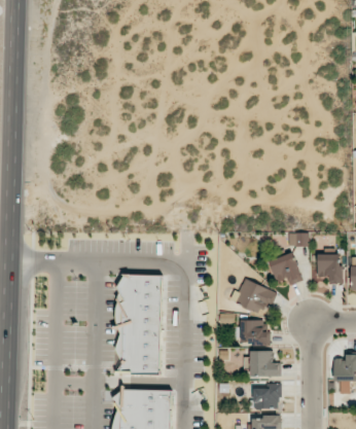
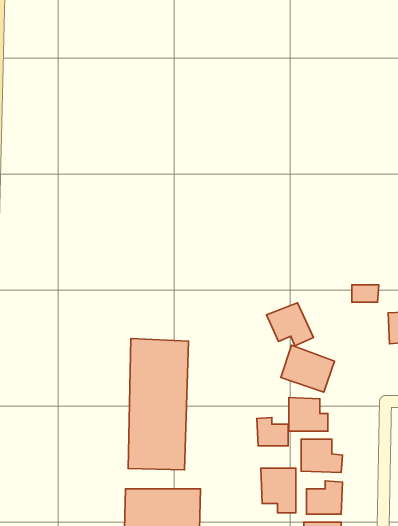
building: [269,252,305,285] -> [267,303,314,346]
building: none -> [257,417,288,446]
building: none -> [261,468,296,513]

